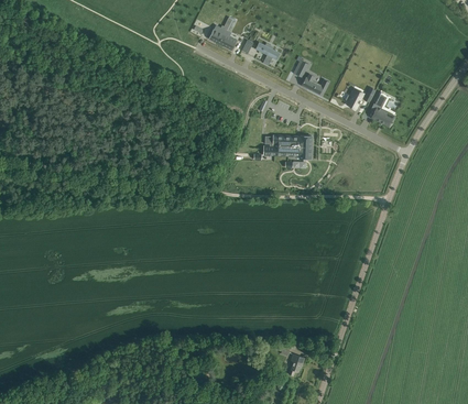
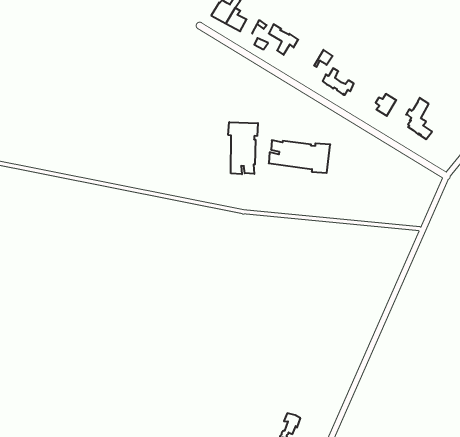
building: none -> [228,122,258,174]

